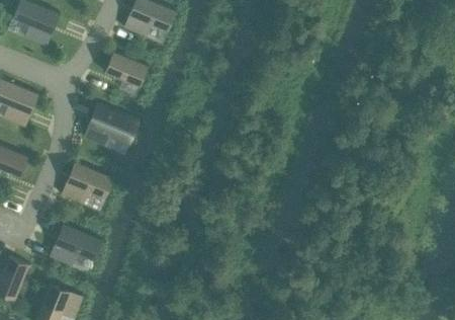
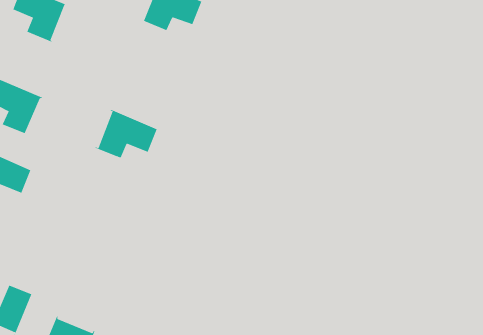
building: [104,52,149,86] -> none
building: [61,162,113,204] -> none
building: [50,224,102,265] -> none

